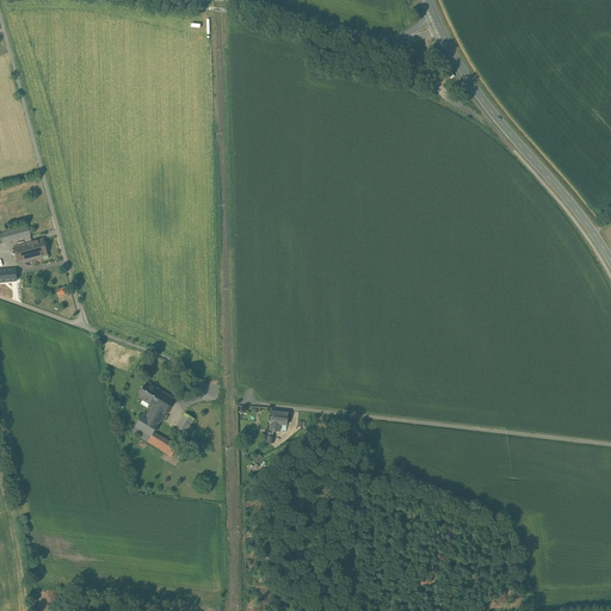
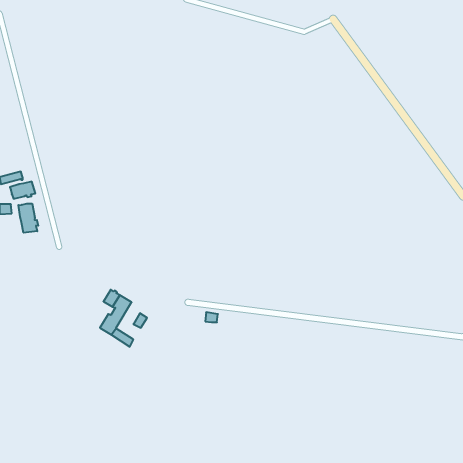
building: none -> [18,204,38,233]

